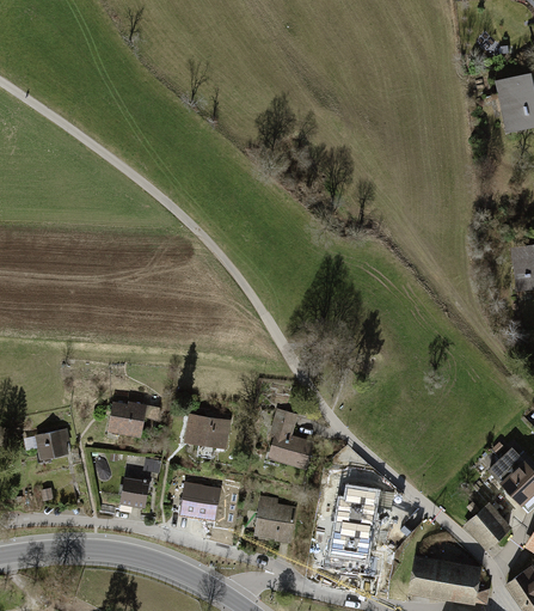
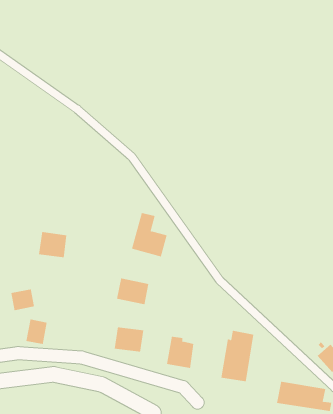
building: [106,401,147,438] -> [38,232,67,258]
building: [264,409,315,472] -> [131,212,168,257]
building: [118,470,149,506] -> [26,319,48,344]

